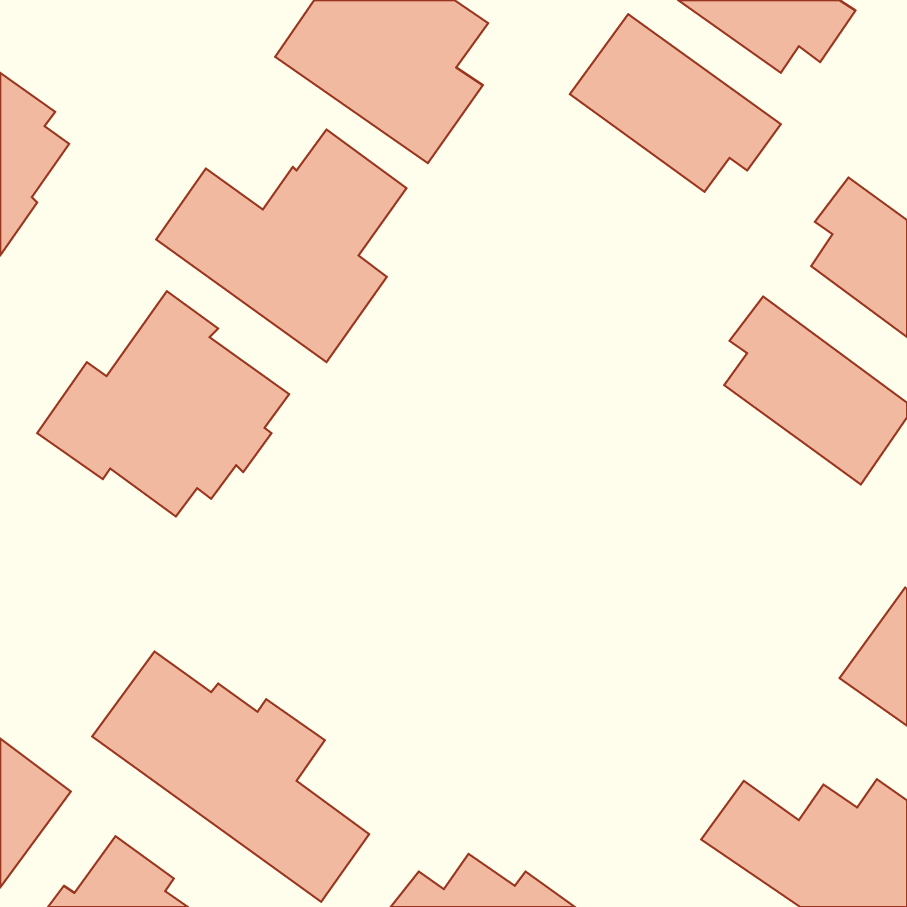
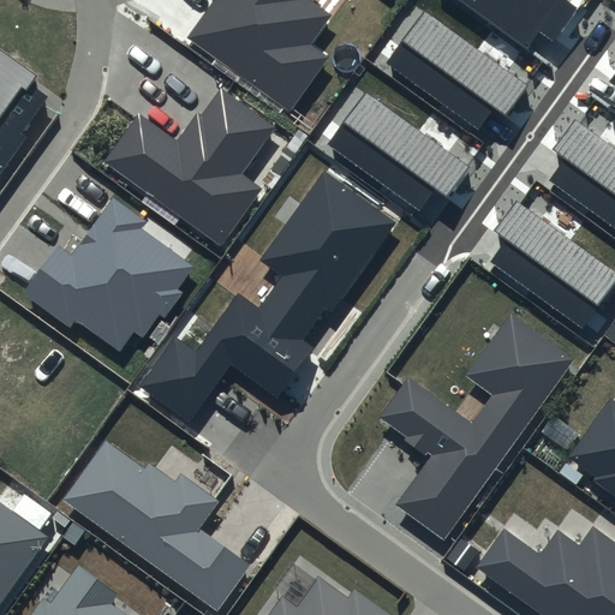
building: none -> [327,92,468,211]
building: none -> [137,171,395,423]
building: none -> [380,314,574,541]

